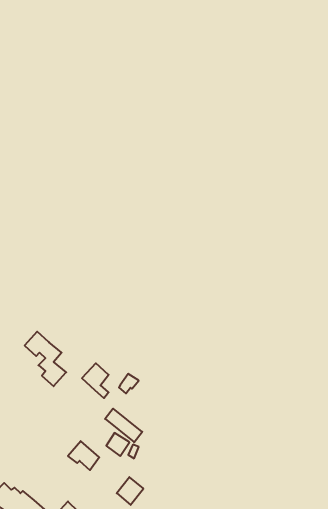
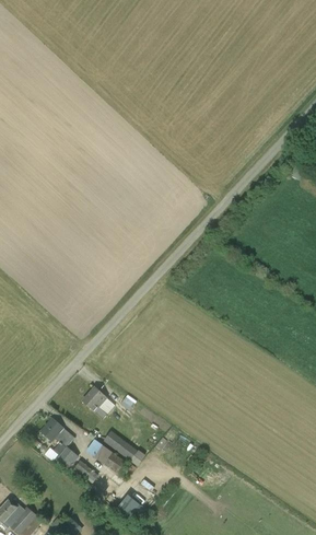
building: [25,332,66,386] -> [39,418,79,469]

